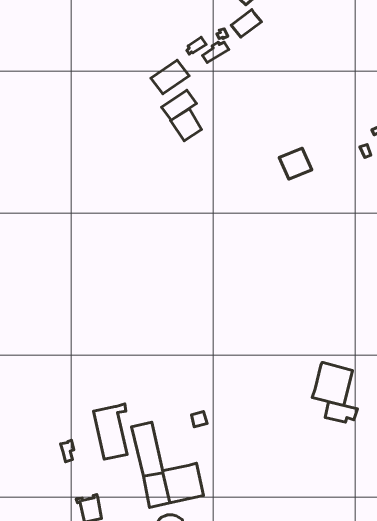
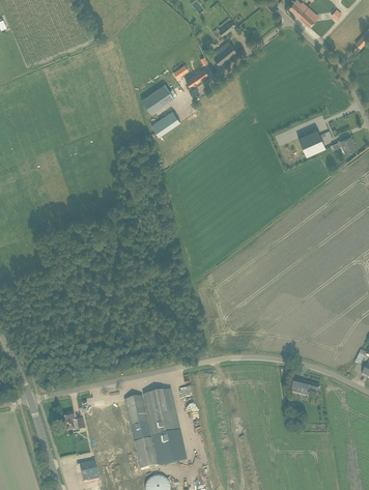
building: [171,109,201,141] -> none
building: [279,148,312,179] -> [297,128,325,155]
building: [312,363,352,406] -> none
building: [93,404,127,459] -> [144,390,173,437]

